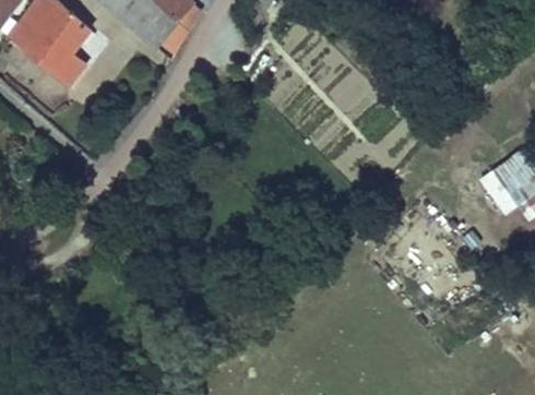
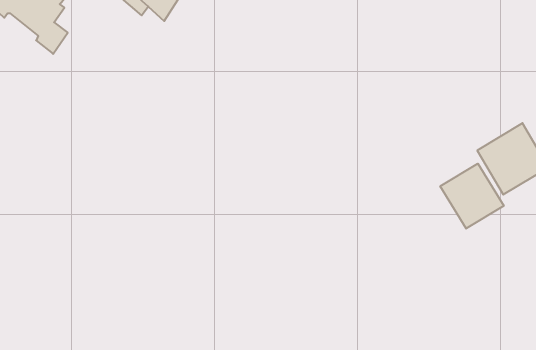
building: none -> [440,164,504,229]

